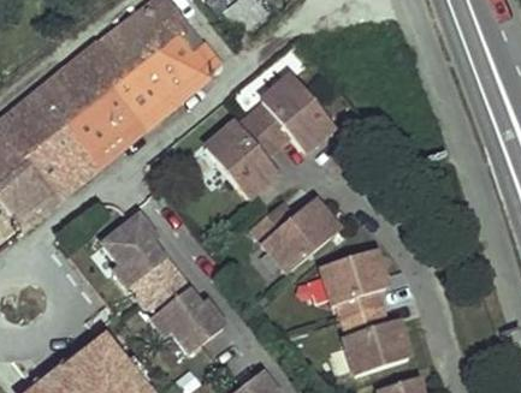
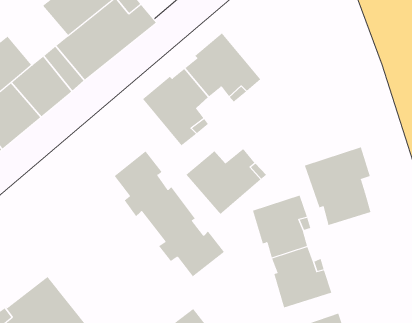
building: [59,44,124,108] -> none
building: none -> [304,147,371,226]
building: [101,213,221,350] -> [114,151,225,277]

